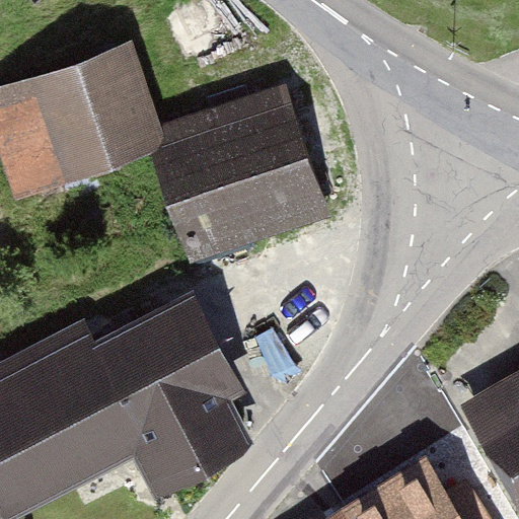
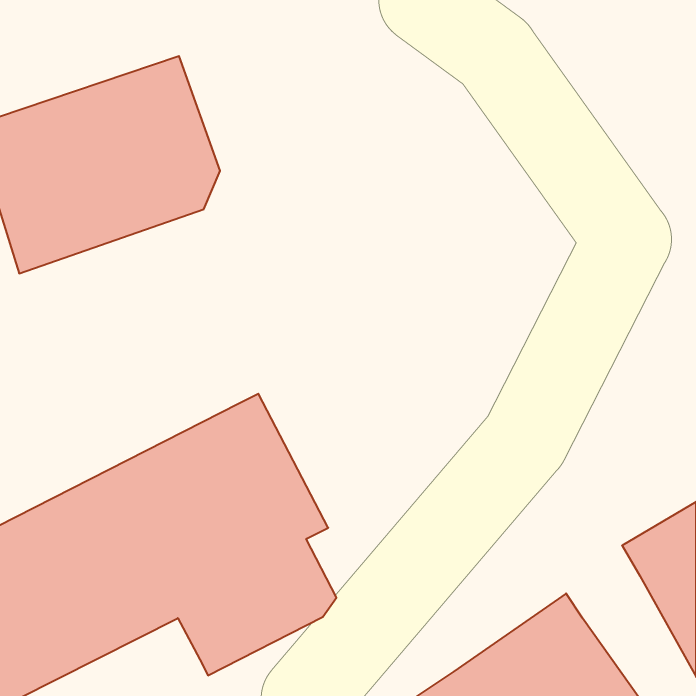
building: [151,81,325,258] -> none

